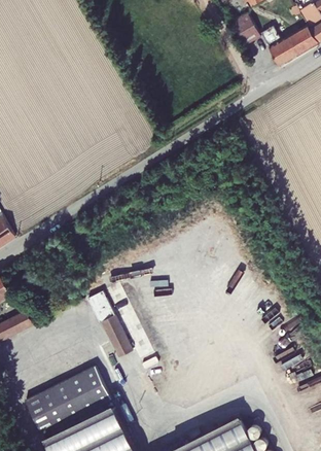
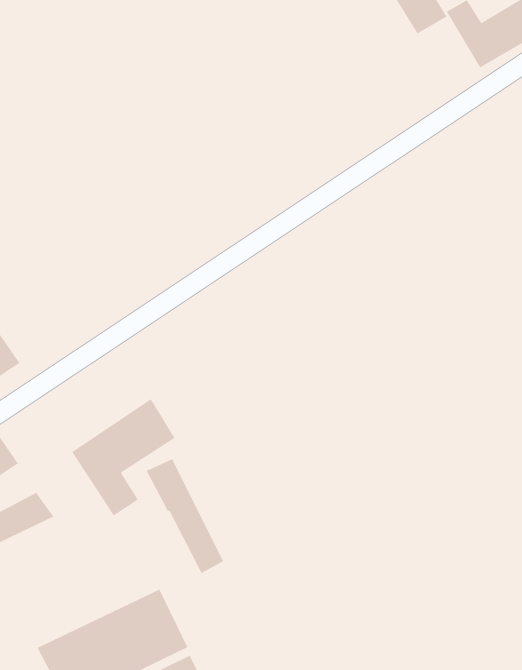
building: none -> [71,398,176,517]

